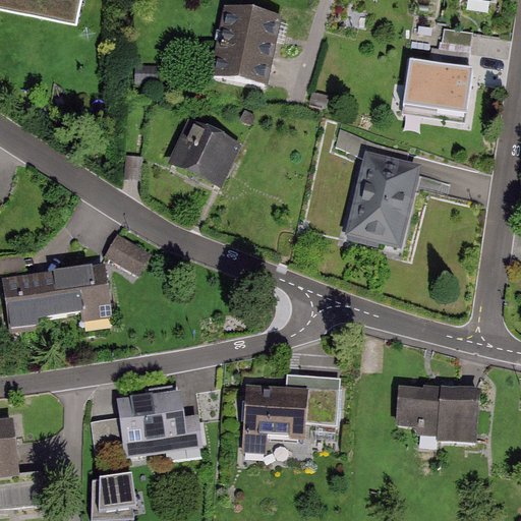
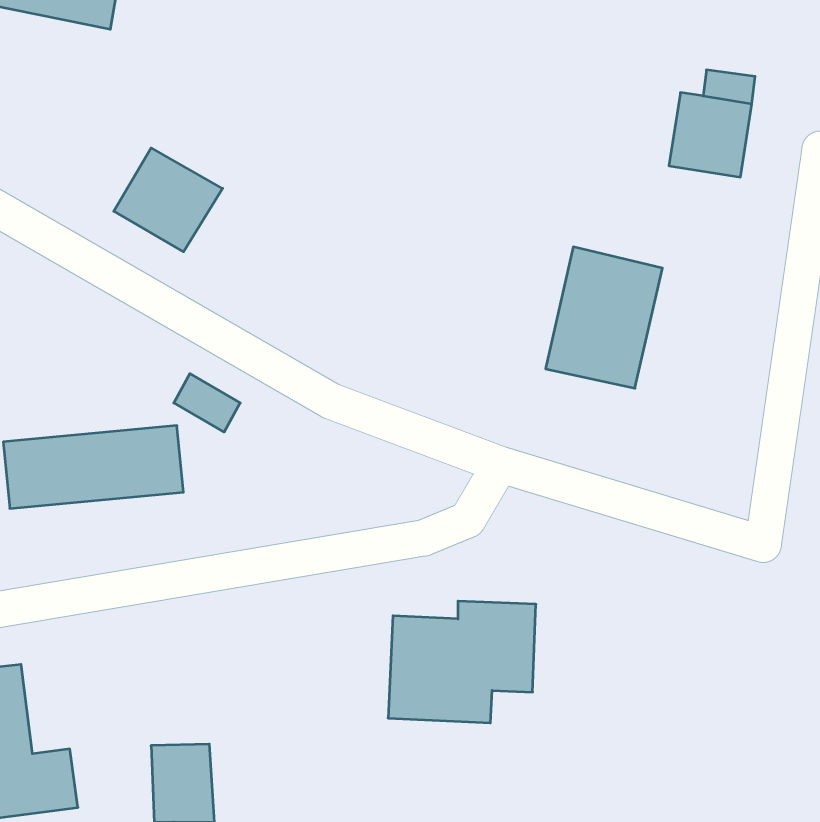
building: [213,7,276,84] -> none
building: [168,122,236,187] -> [114,148,223,252]
building: [401,380,481,435] -> none
building: [93,393,193,458] -> none

